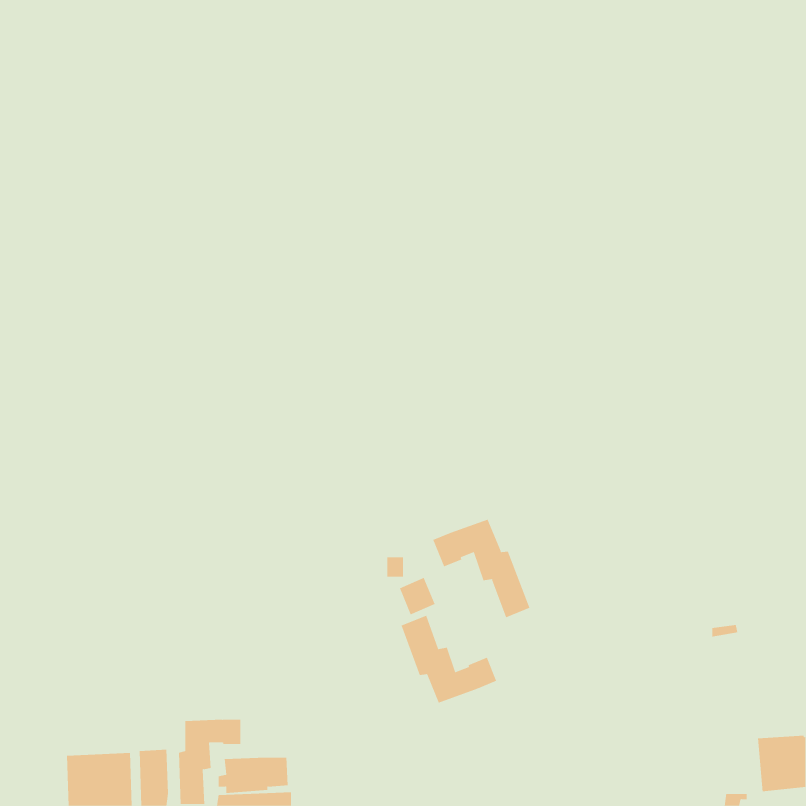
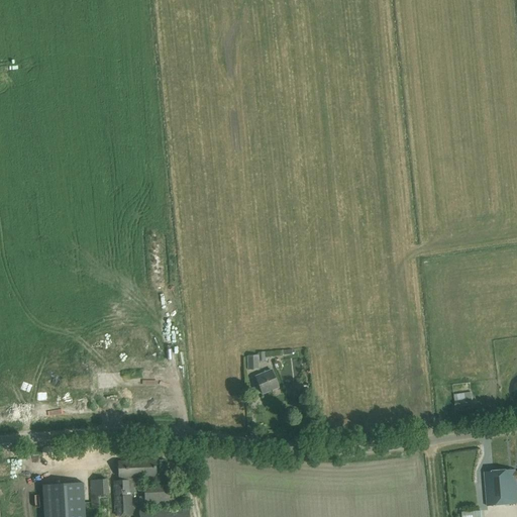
building: [432,519,530,618] -> none
building: [401,615,497,703] -> none

